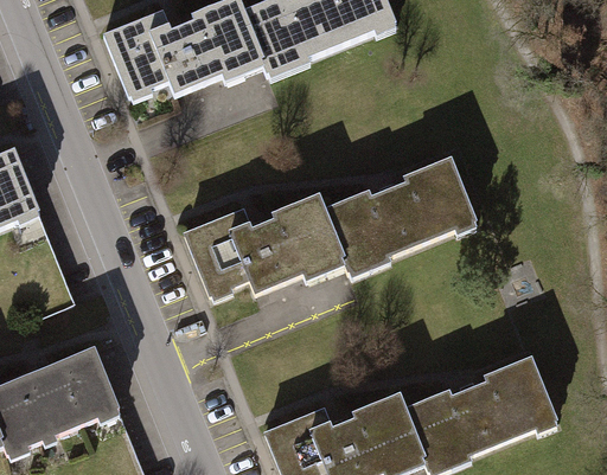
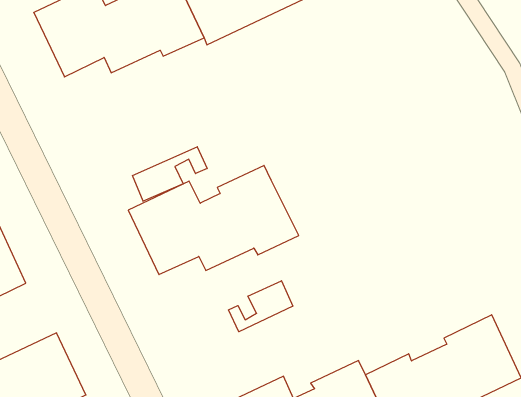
building: [322,160,477,275] -> none
building: none -> [133,147,207,201]
building: none -> [228,281,293,332]

